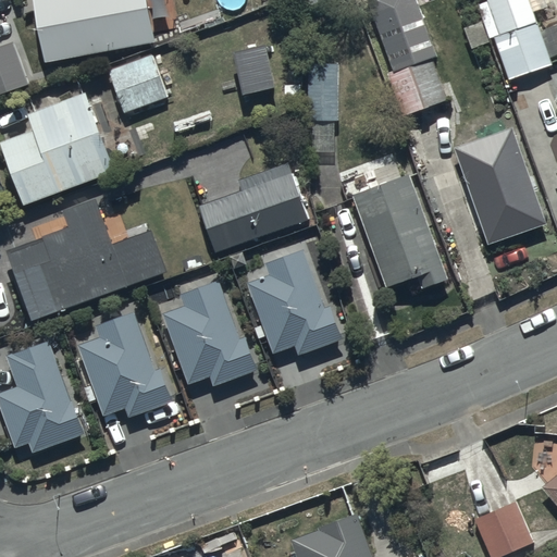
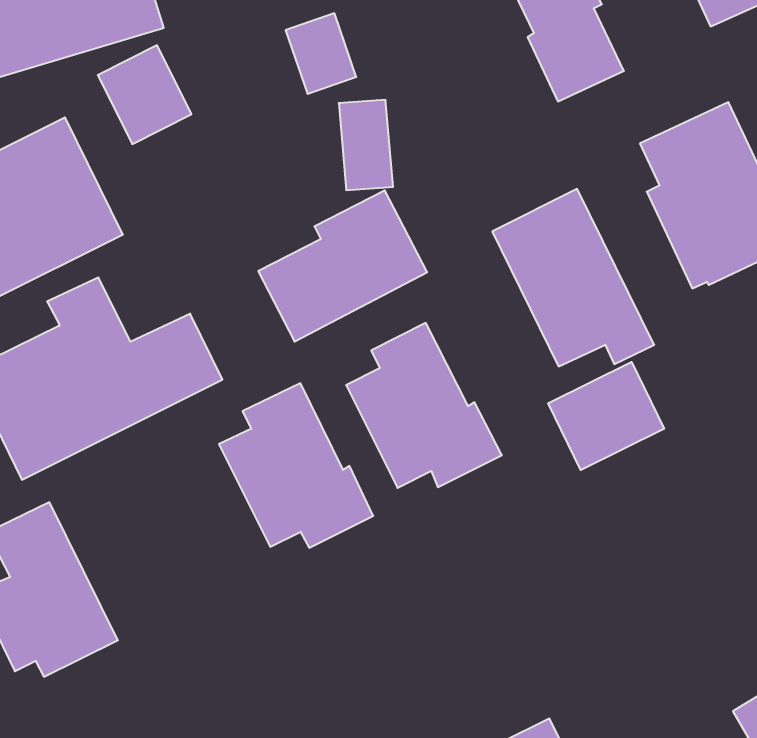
building: [307,63,338,121] -> [339,100,393,190]
building: none -> [548,362,664,470]
building: [77,311,172,418] -> none

